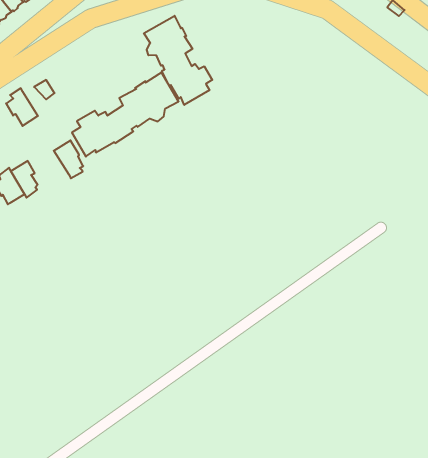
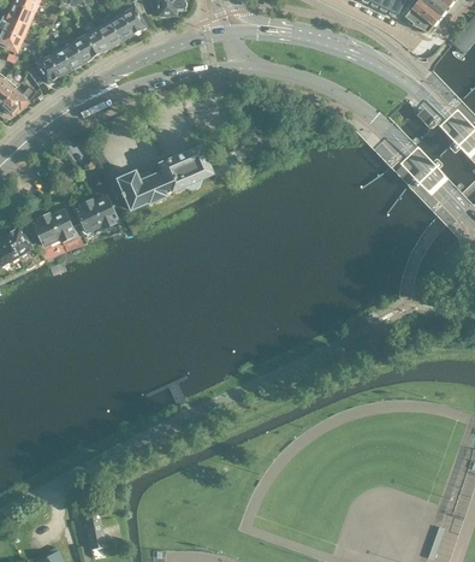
building: [144,16,212,105] -> none
building: [6,88,38,126] -> [75,199,102,233]

